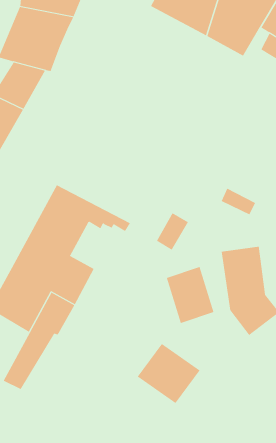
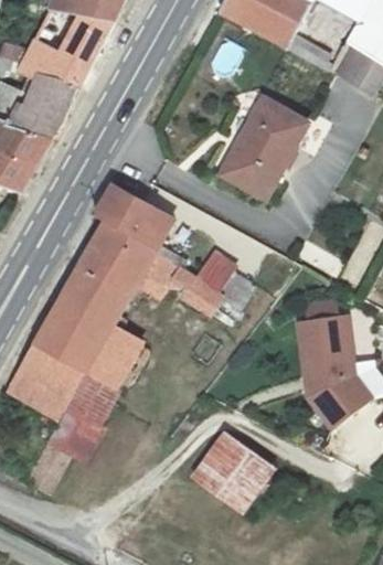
building: none -> [225,94,307,199]
building: none -> [93,182,234,312]
building: [166,266,214,324] -> none

